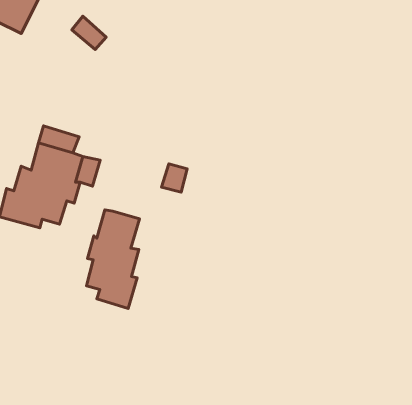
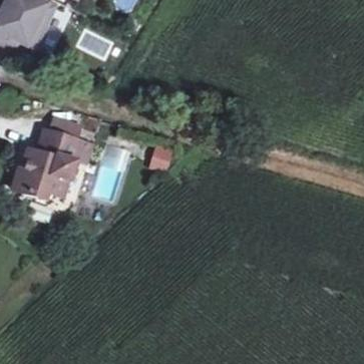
building: [86,210,140,308] -> none

